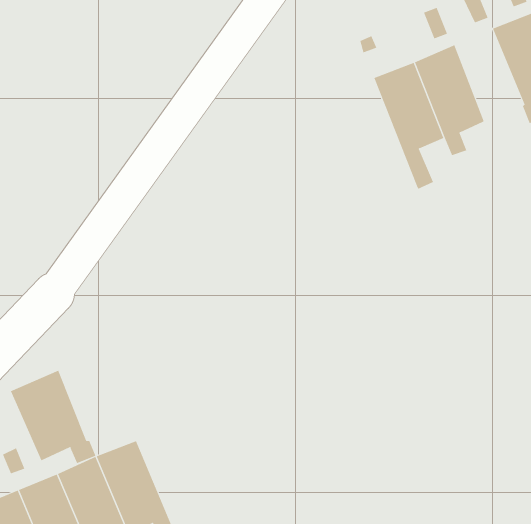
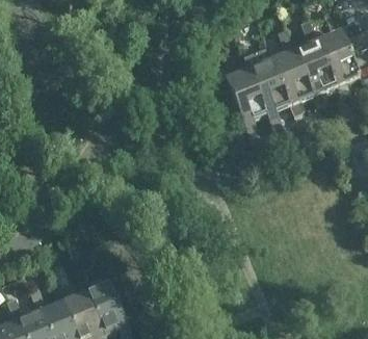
building: none -> [295,35,336,101]
building: none -> [224,64,272,139]
building: [10,370,96,464] -> none

